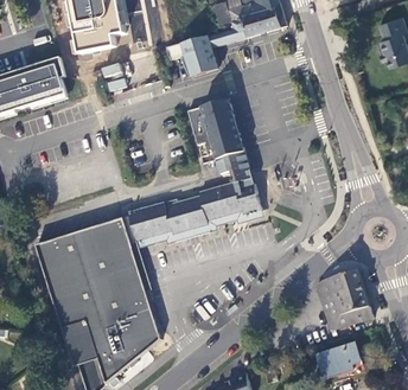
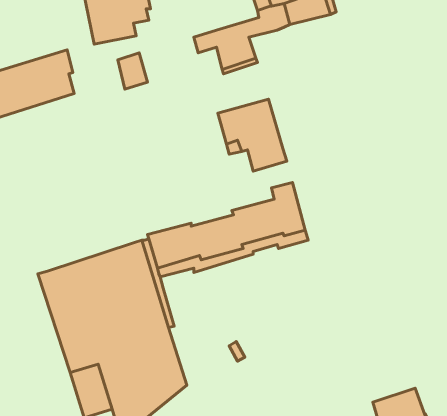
building: [216,151,249,174] -> none
building: [317,268,372,328] -> none

